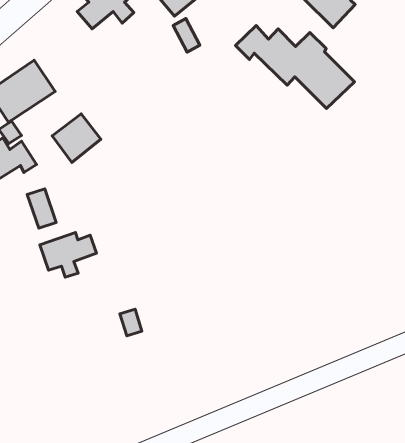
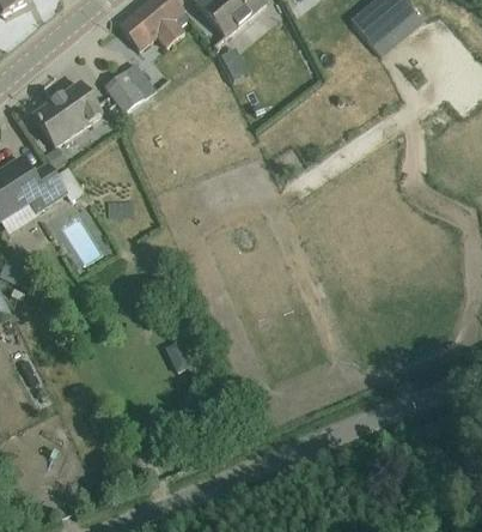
building: [236,26,355,109] -> none
building: [52,114,101,162] -> [104,62,154,113]
building: [40,233,96,277] -> none

